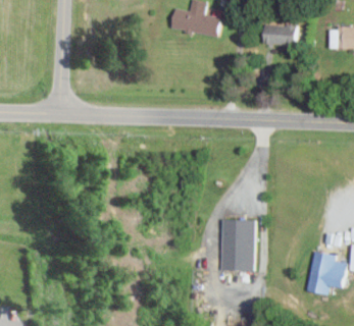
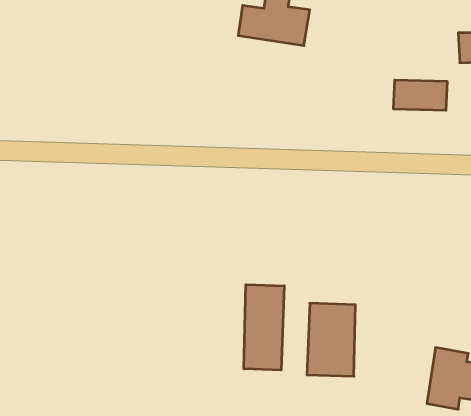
building: [259,24,298,46] -> [393,80,447,110]
building: none -> [244,285,284,370]

